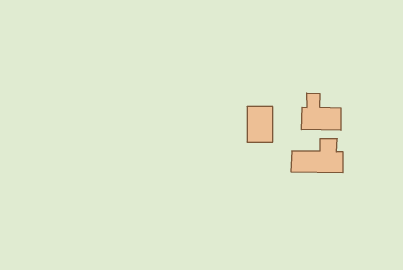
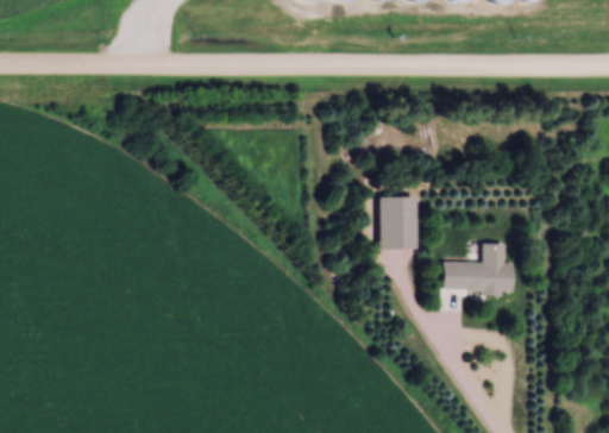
building: [301,93,341,130] -> none

